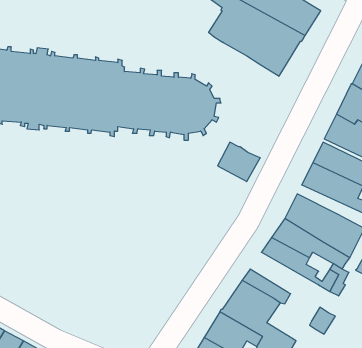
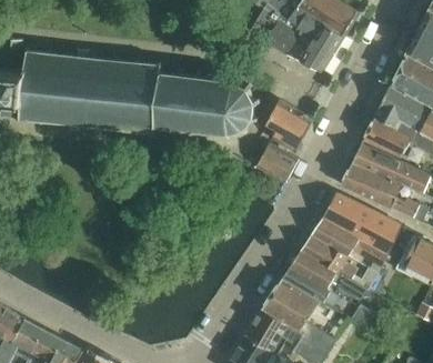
building: none -> [264,101,313,152]
building: none -> [290,251,358,292]

